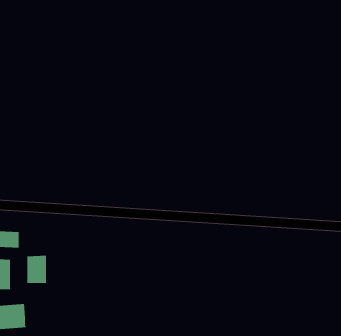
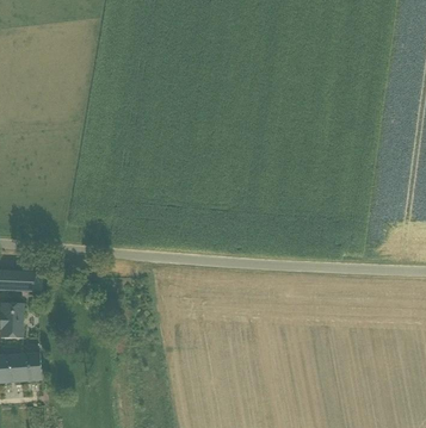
building: [27,255,47,284] -> none

